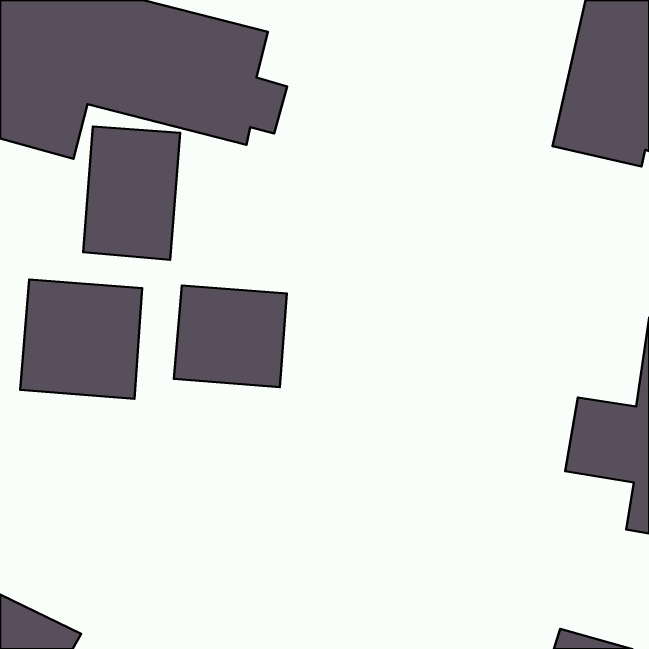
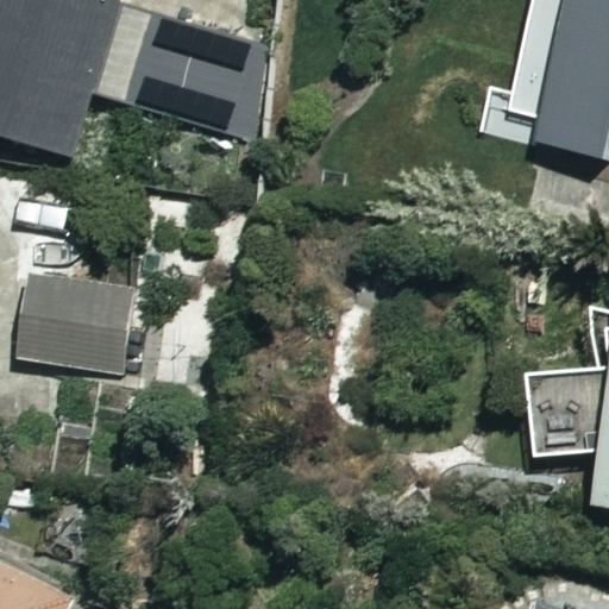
building: [83,126,180,260] -> none
building: [174,286,287,387] -> none

